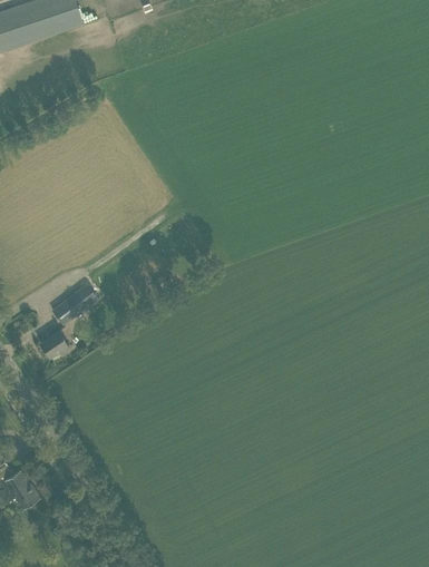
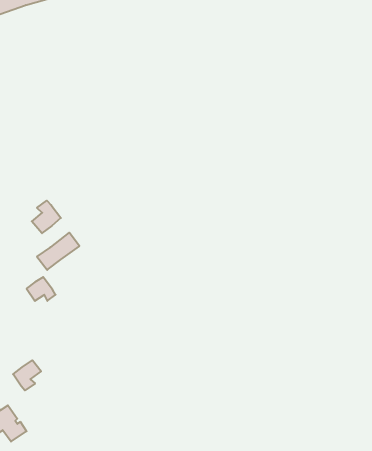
building: none -> [32,201,61,233]
building: none -> [13,360,41,390]

